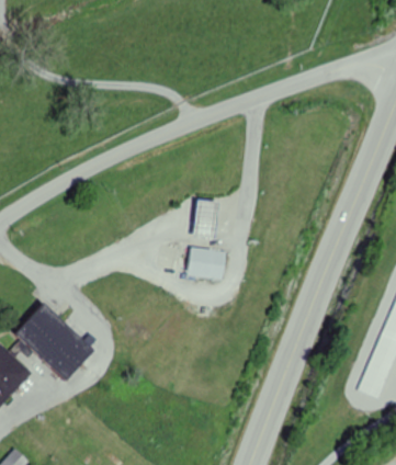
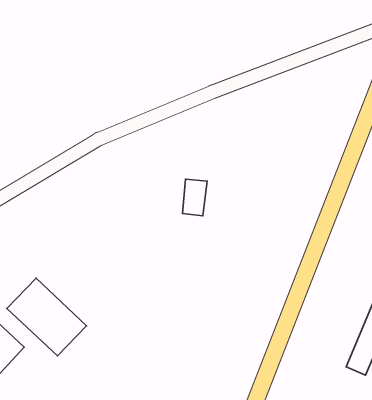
building: [184,245,226,276] -> none

